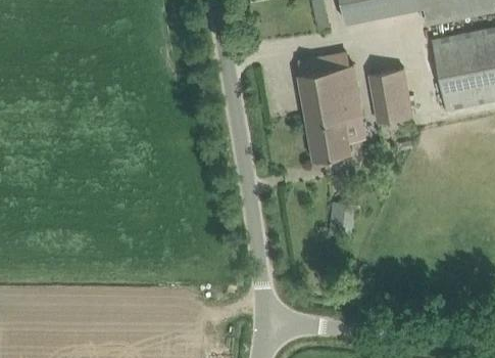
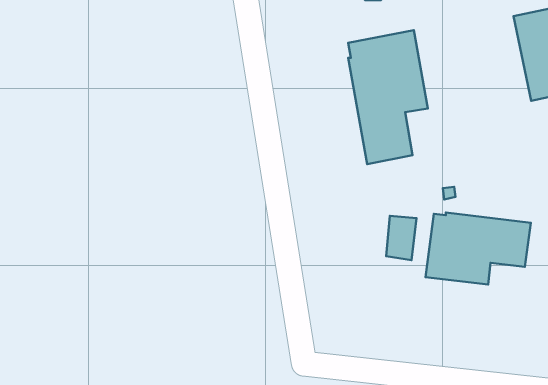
building: [368,69,411,123] -> none
building: none -> [425,213,531,285]

